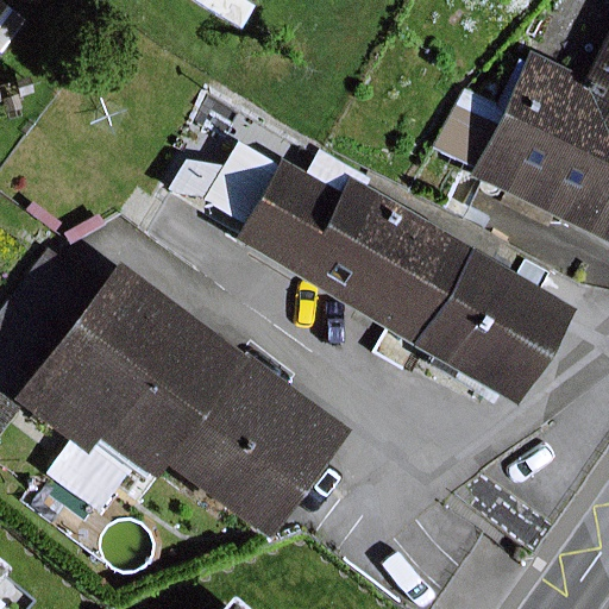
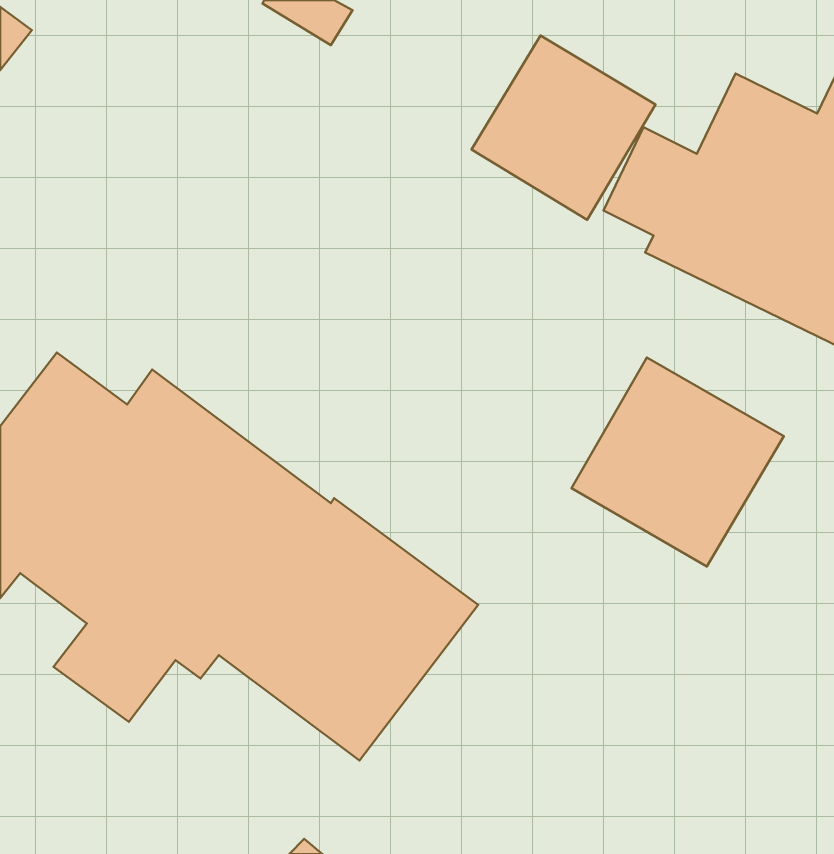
building: none -> [471,35,655,220]
building: [177,143,475,347] -> none

